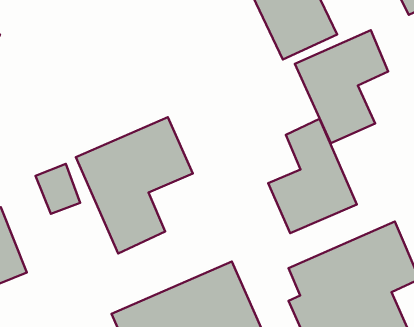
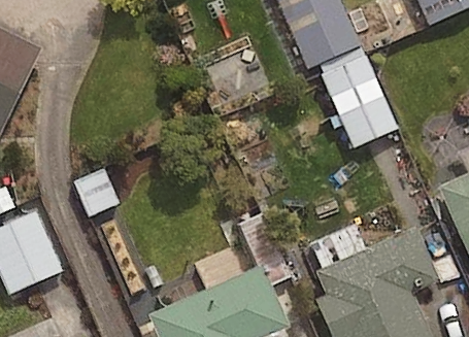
building: [76,117,193,253] -> none
building: [268,119,357,233] -> none

